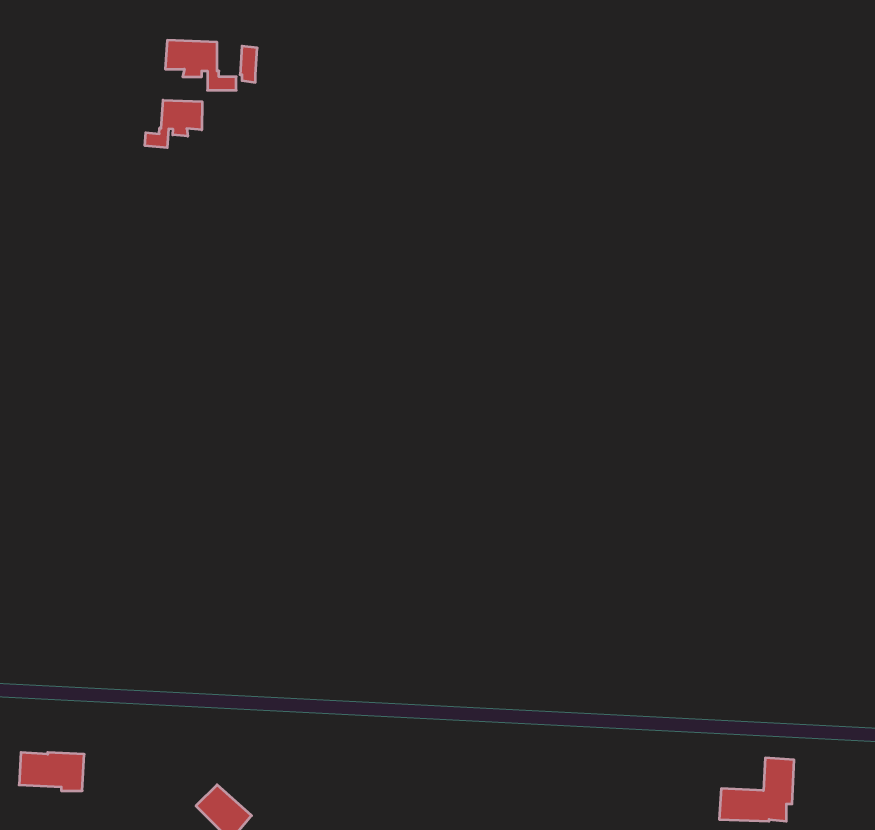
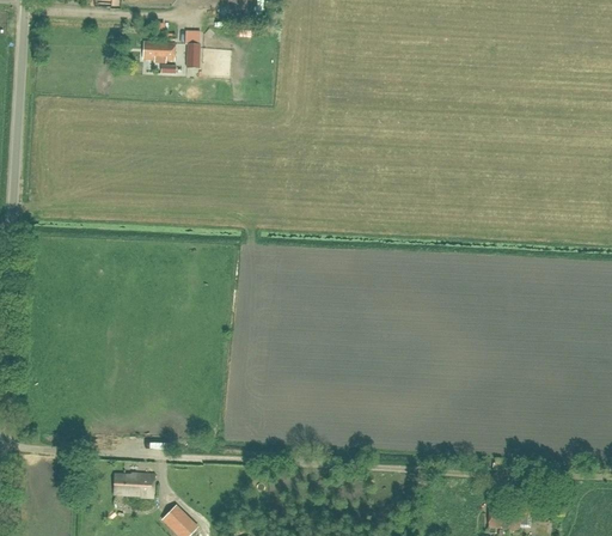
building: [145,100,202,148] -> none
building: [19,752,84,791] -> [112,473,153,497]

